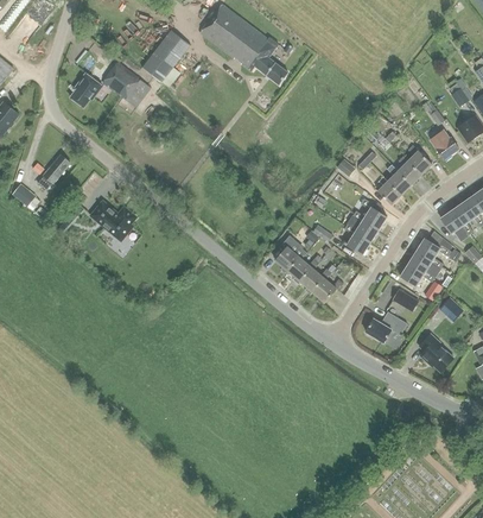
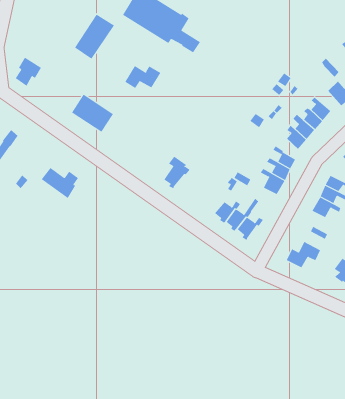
building: [102,62,151,108] -> [71,94,114,133]
building: none -> [125,65,161,89]
building: [275,235,307,273] -> [163,156,191,189]

